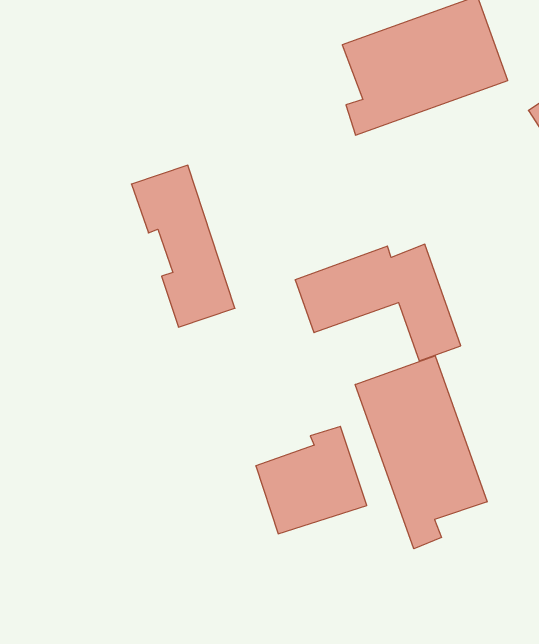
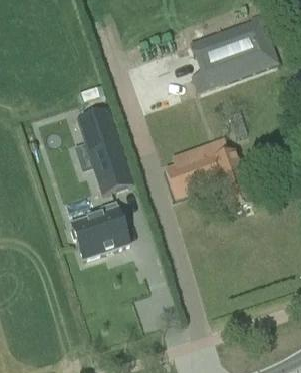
building: [355,356,487,549] -> none
building: [256,426,367,534] -> [71,202,130,259]

